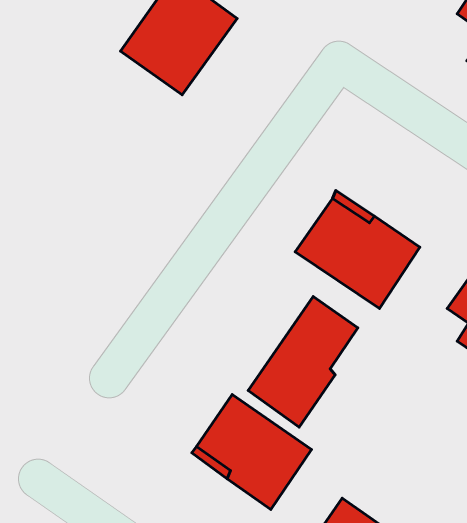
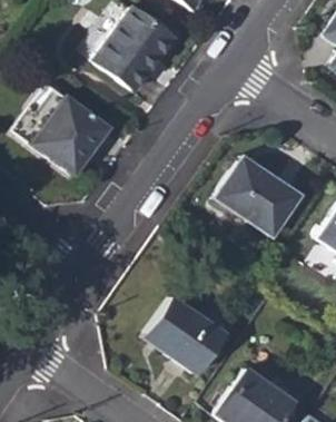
building: none -> [21,88,108,175]
building: [248,297,358,427] -> none

